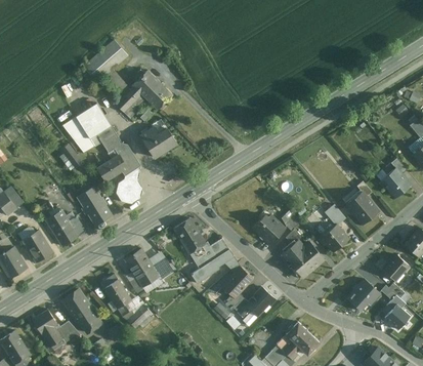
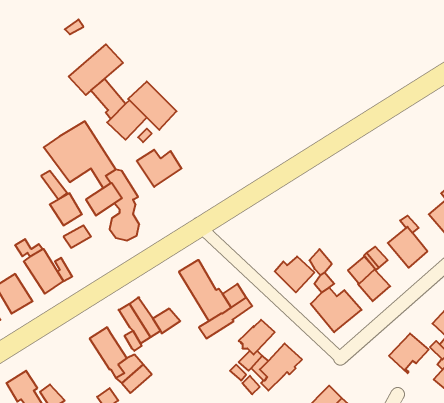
building: [85,199,112,226] -> [50,193,82,225]
building: [61,289,101,332] -> none

